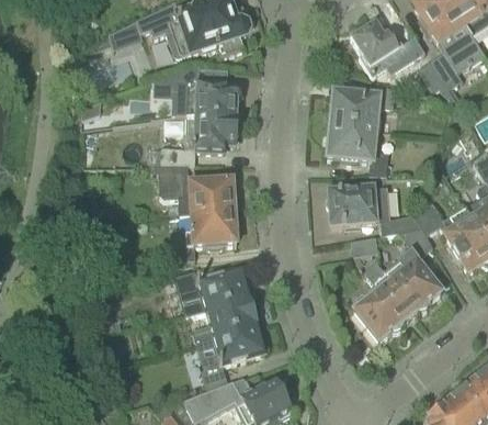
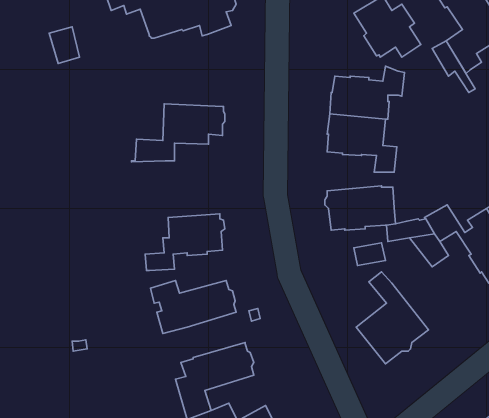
building: [164,65,242,116] -> none
building: [159,164,238,213] -> none
building: [385,251,442,311] -> none
building: [193,295,258,342] -> none

